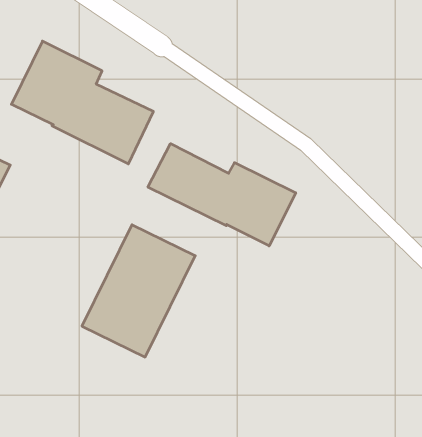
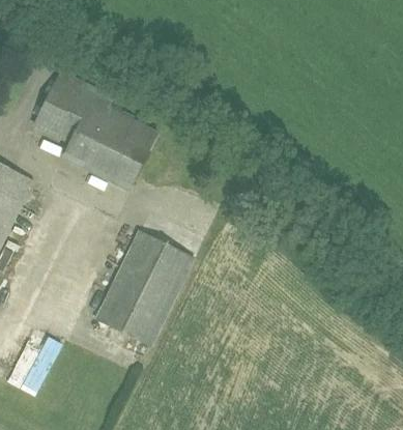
building: [148,144,296,246] -> none

